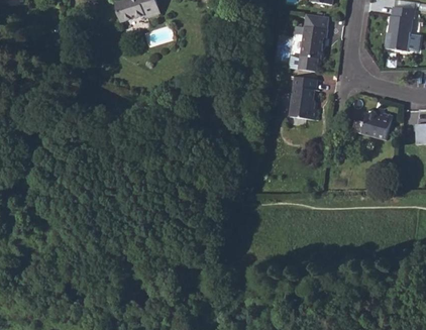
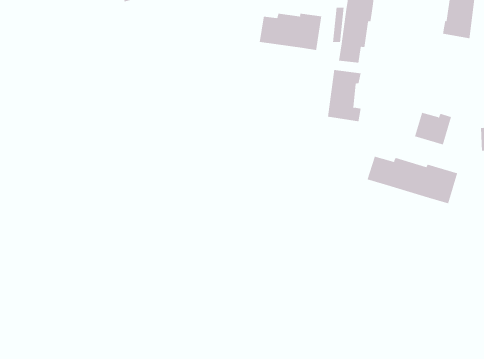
building: none -> [259,13,322,51]
building: none -> [367,156,458,204]

